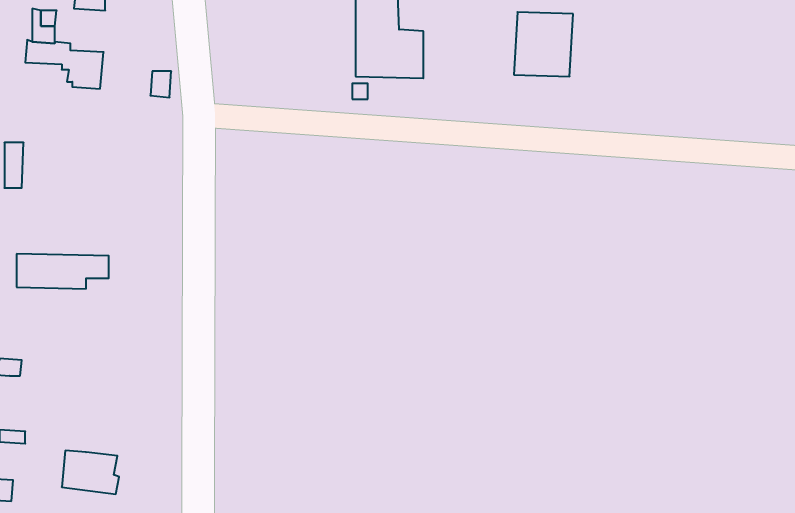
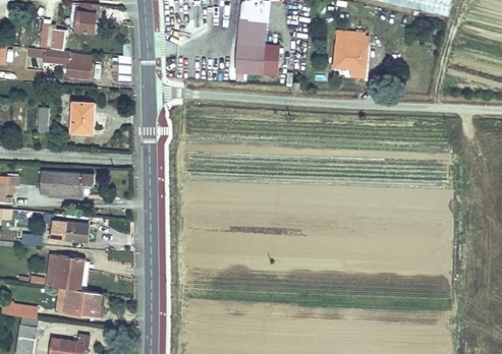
building: none -> [66,102,88,132]
building: none -> [53,221,89,240]
building: none -> [55,253,85,289]

